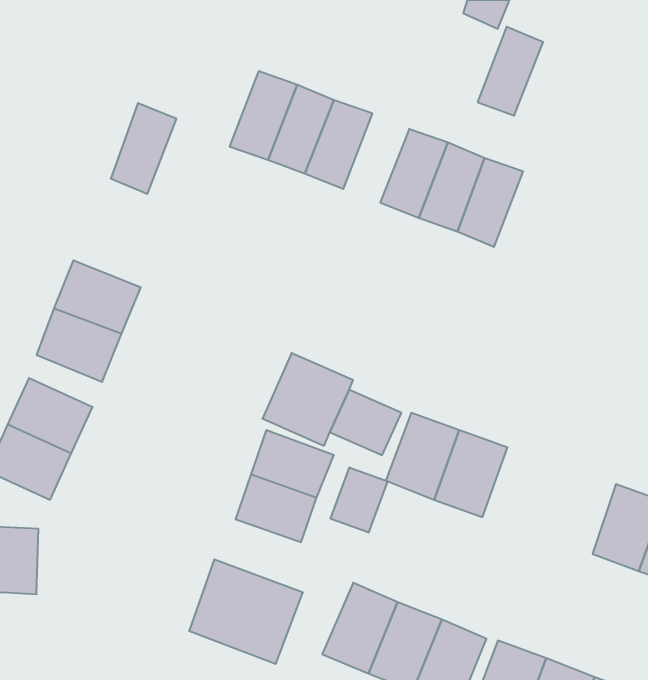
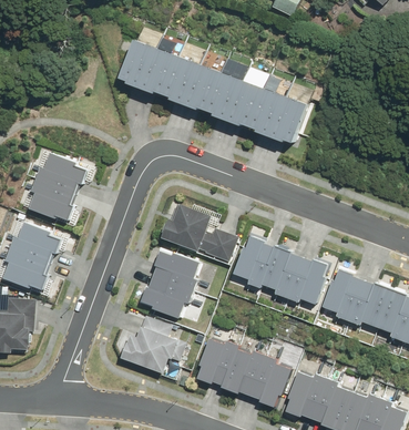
building: [478,27,543,116] -> [206,69,244,120]
building: [111,103,176,194] -> [120,35,157,88]
building: none -> [286,260,329,310]
building: [331,467,388,533] -> none
building: none -> [321,273,362,321]

